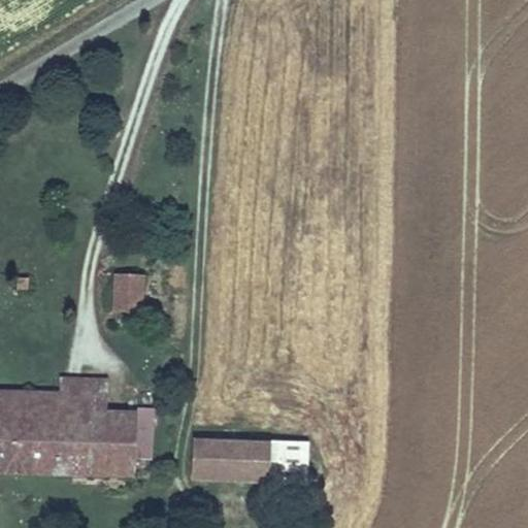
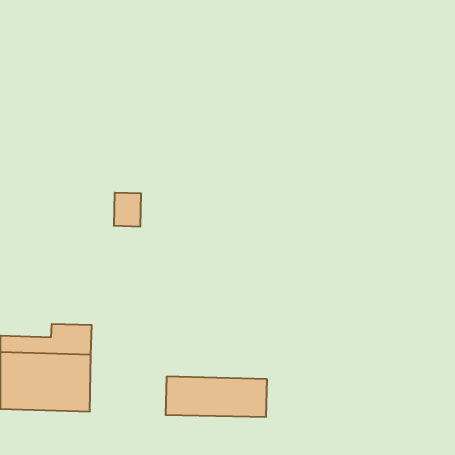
building: [112,273,144,312] -> [114,193,141,227]
building: [104,410,140,477] -> none

